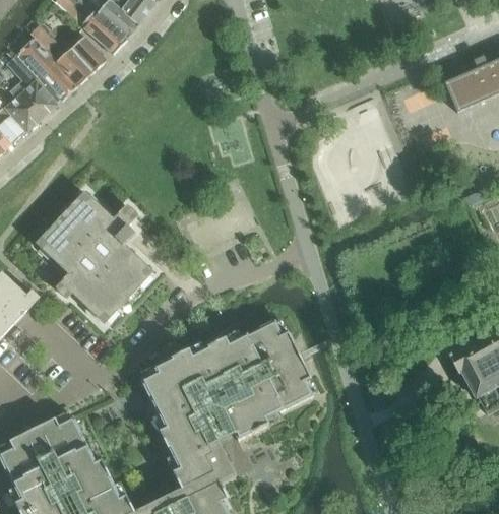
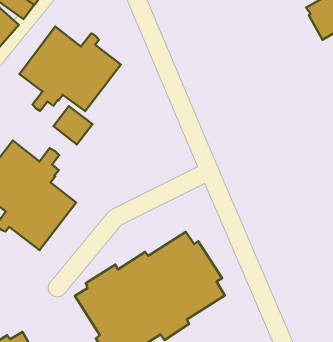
building: none -> [19,27,121,111]
building: none -> [53,106,92,144]

